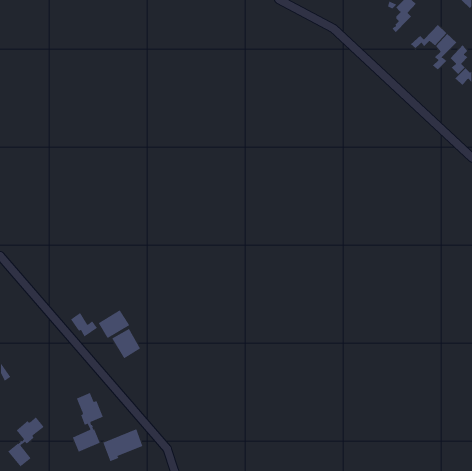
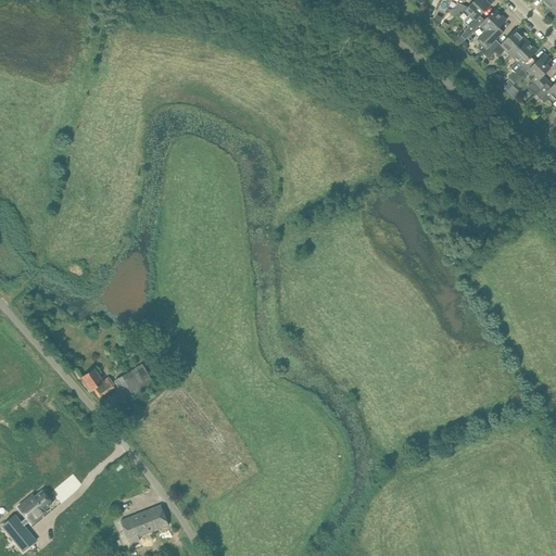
building: none -> [477,9,506,52]
building: [112,328,141,359] -> none
building: [72,392,108,452] -> none

